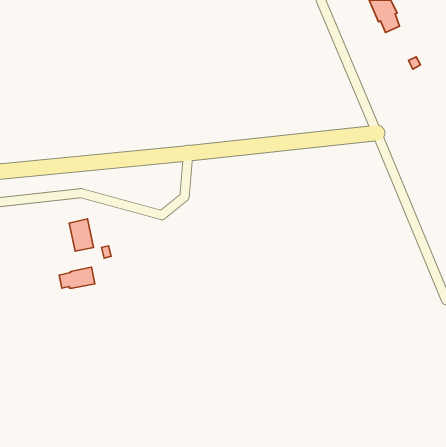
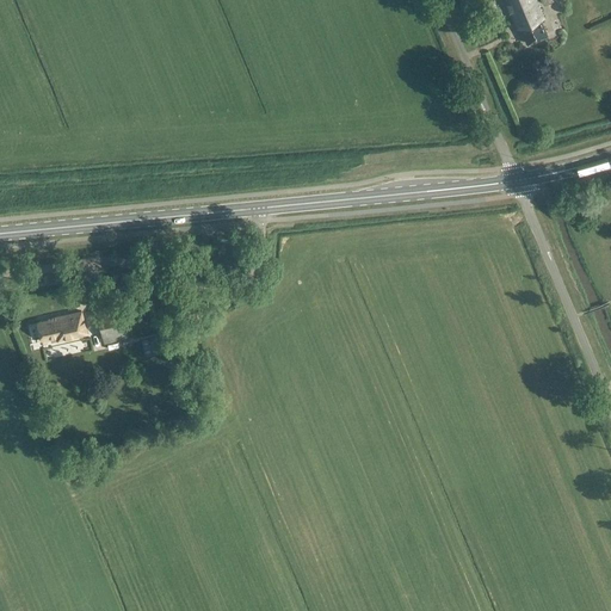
building: [59,267,95,288] -> [36,311,85,340]

